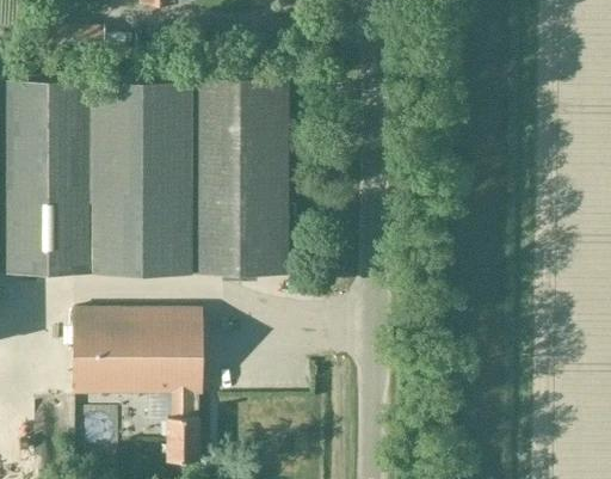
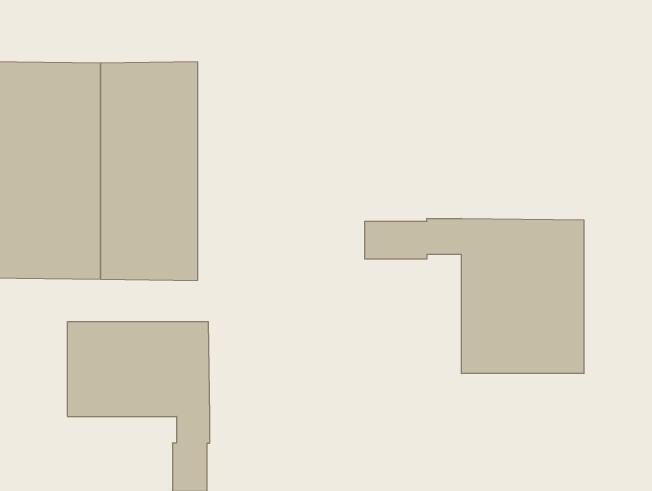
building: [191,79,300,275] -> none
building: none -> [365,218,584,374]

